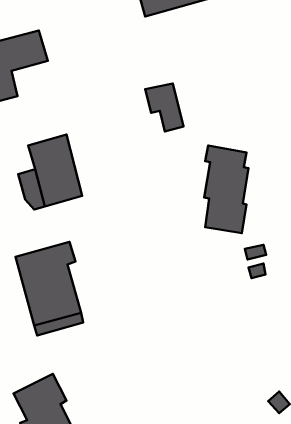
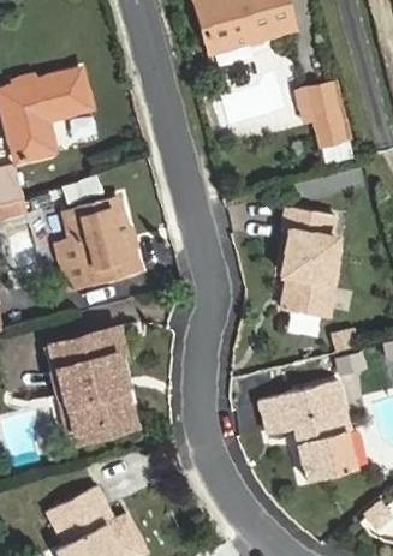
building: [145,83,184,132] -> [297,84,344,143]
building: none -> [260,379,356,479]

